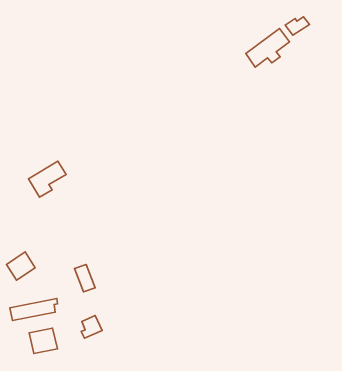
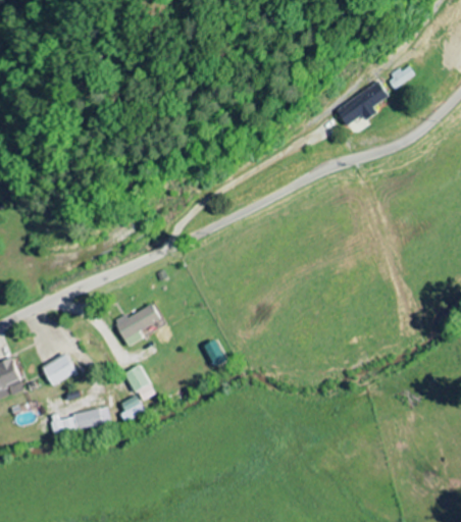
building: [29,161,66,197] -> [114,303,160,347]
building: [81,316,102,338] -> [119,395,145,422]
building: [29,328,57,353] -> none

